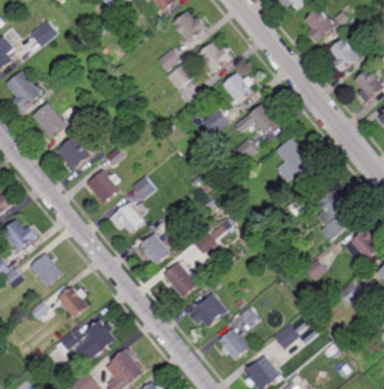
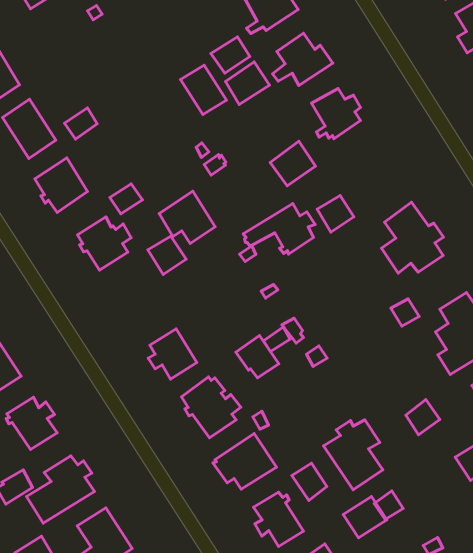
building: none -> [180,65,226,114]
building: [234,103,278,134] -> [243,204,315,254]
building: [109,202,145,234] -> [159,191,215,243]
building: none -> [324,420,383,490]

